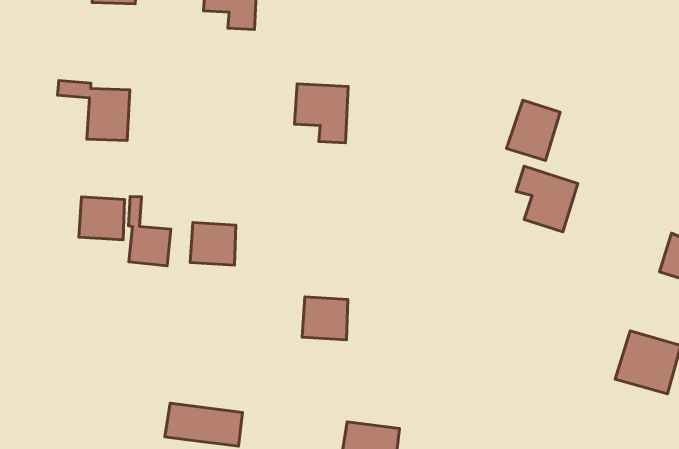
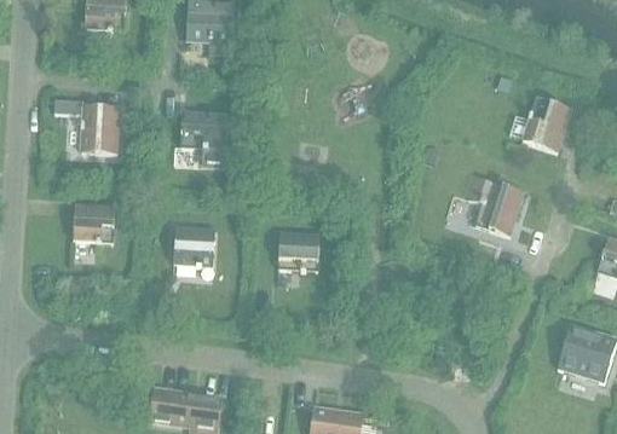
building: [295,84,348,143] -> [179,110,227,163]
building: [507,100,560,161] -> [521,97,570,151]
building: [129,196,171,266] -> none
building: [302,297,348,340] -> [277,231,318,270]

